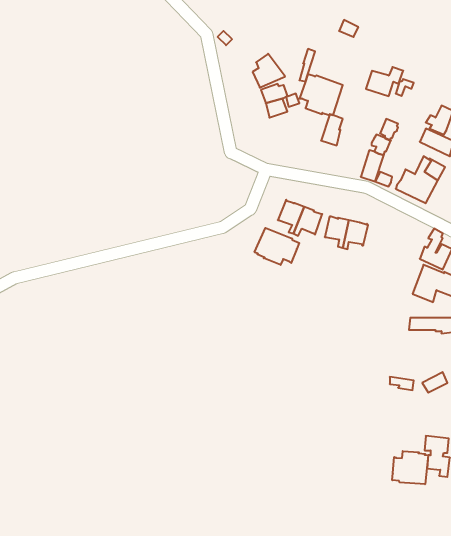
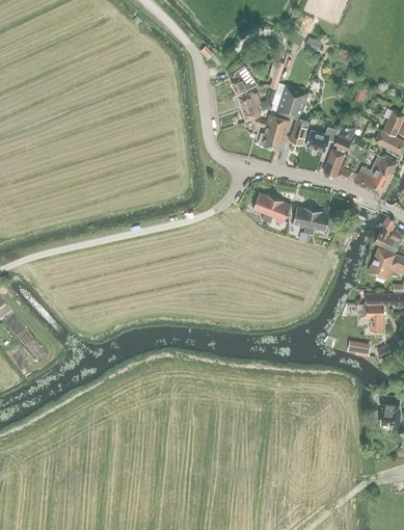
building: [366,67,403,96] -> [305,127,338,152]
building: none -> [255,113,290,150]
building: [255,228,299,265] -> none
building: none -> [363,303,388,329]
building: [392,451,428,484] -> none

